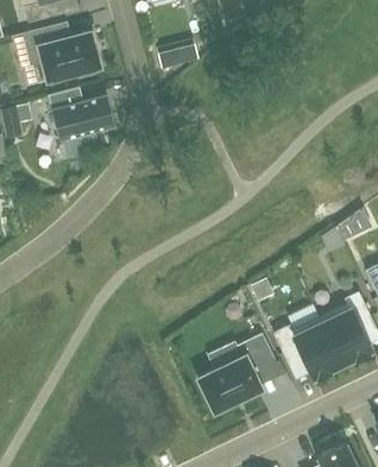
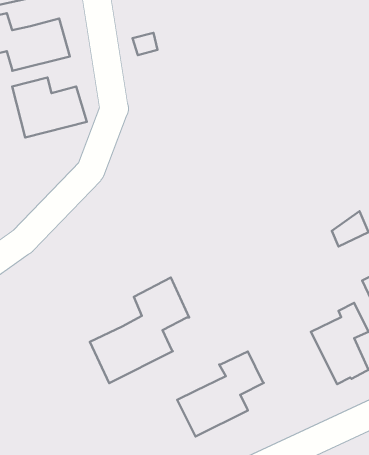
building: none -> [90,278,189,383]
building: [273,316,342,378] -> none

